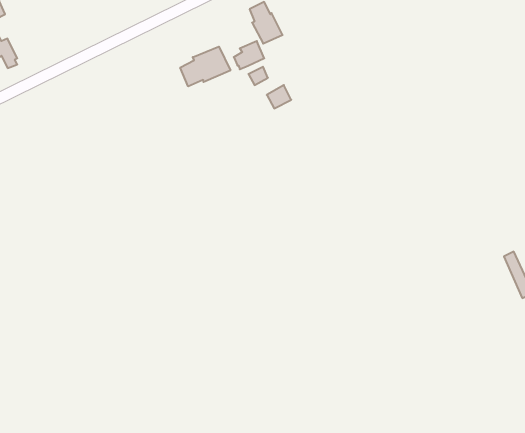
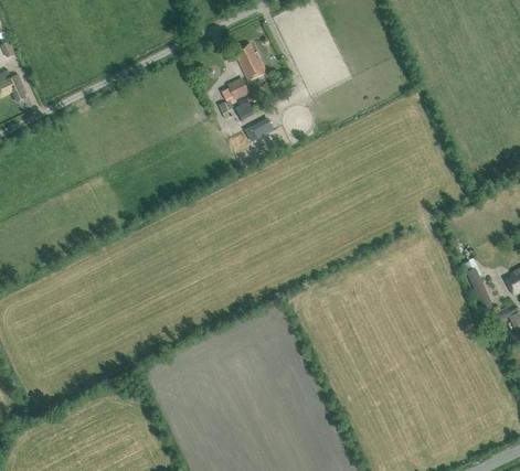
building: [180,47,230,86] -> none

